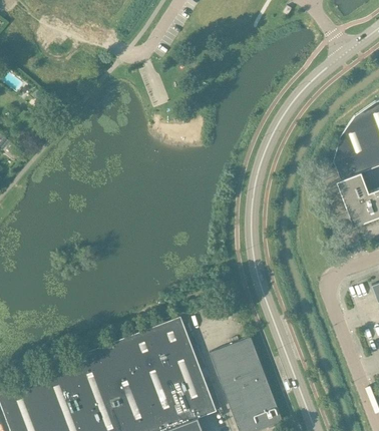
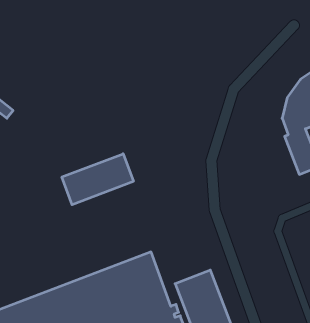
building: none -> [62,154,133,205]

